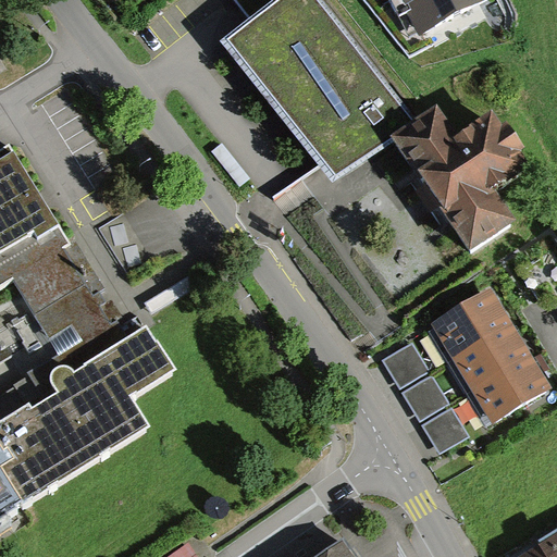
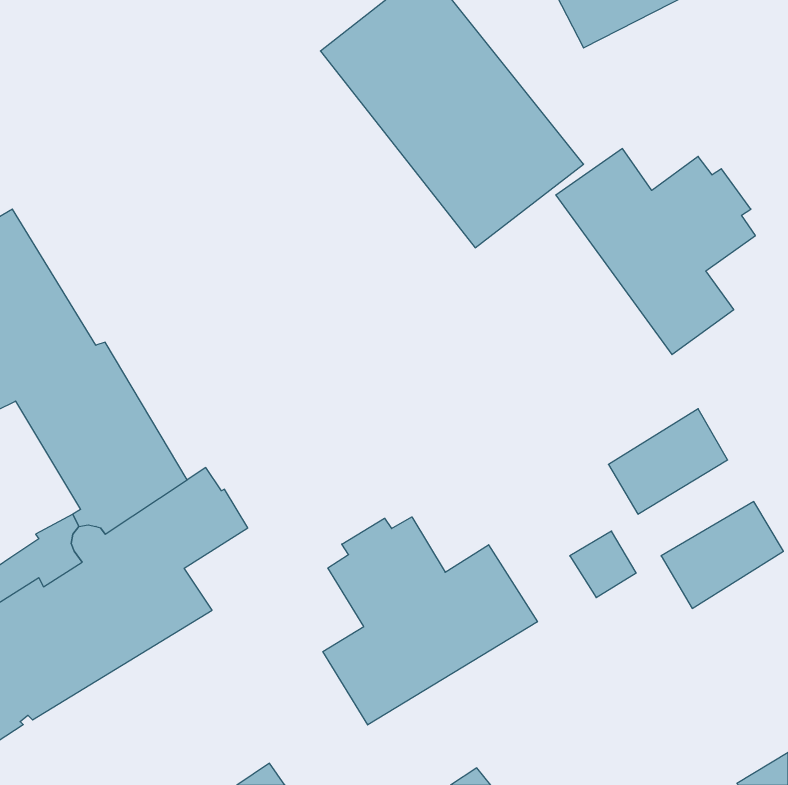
building: [448,323,530,391] -> none
building: [381,339,429,387] -> none
building: none -> [323,517,537,725]
building: [421,406,467,451] -> none

